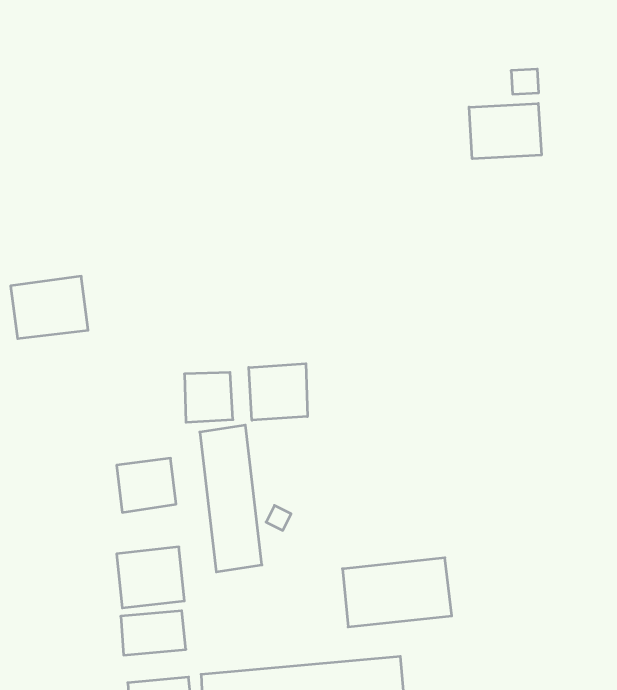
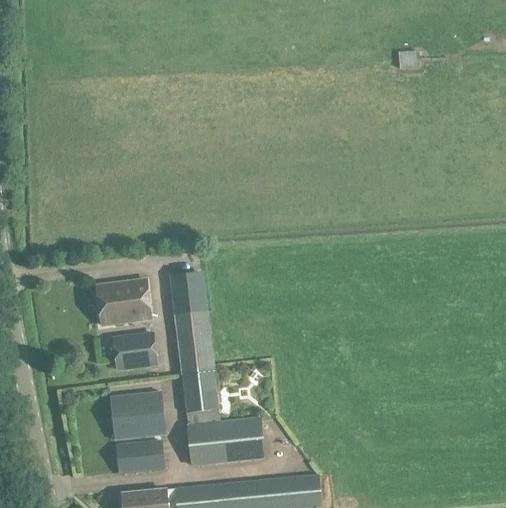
building: [469,103,541,159] -> none
building: [11,276,88,339] -> [96,278,152,323]
building: [249,364,307,420] -> none
building: [342,558,452,627] -> [187,416,266,466]

